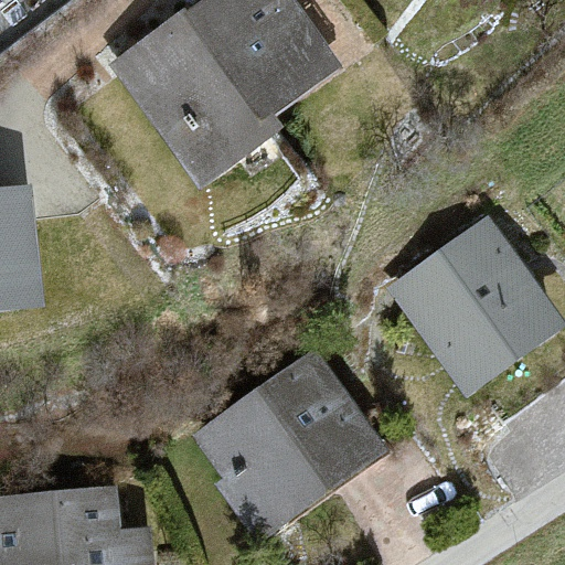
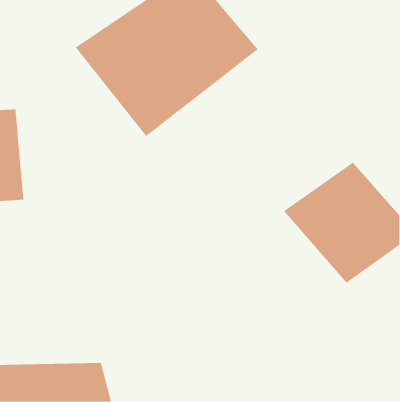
building: [186,358,388,530] -> none

